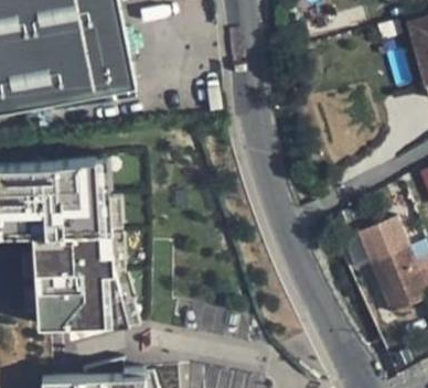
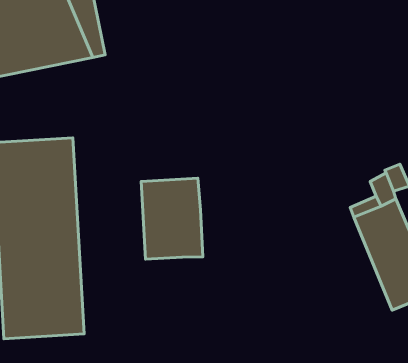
building: none -> [141,178,203,259]

